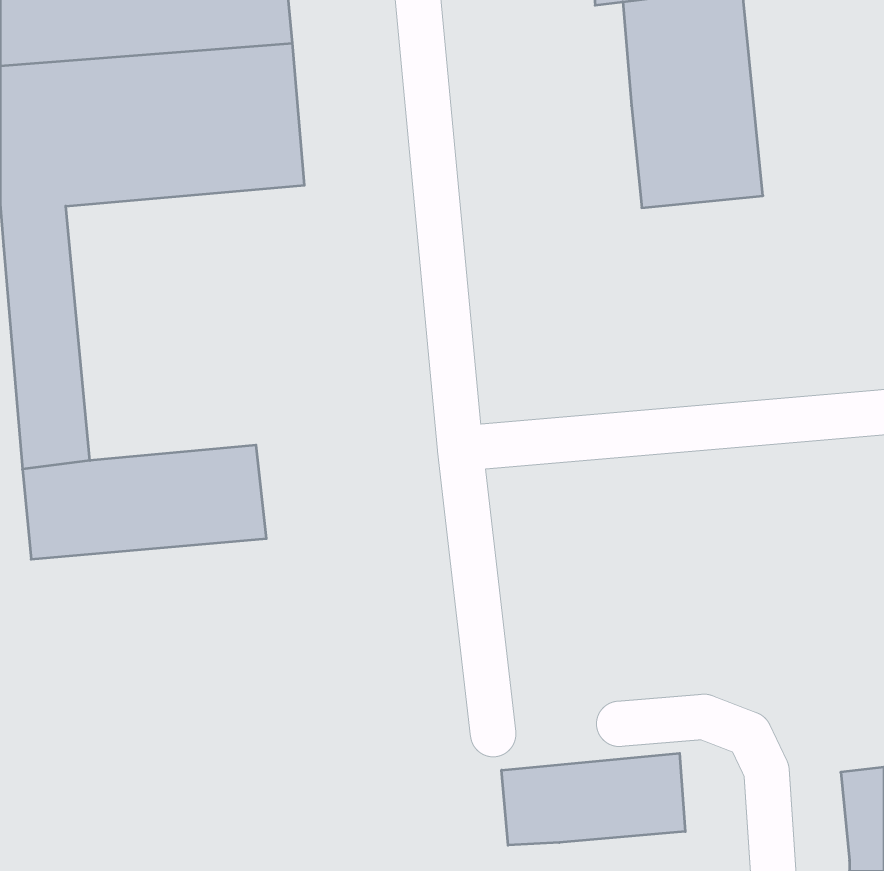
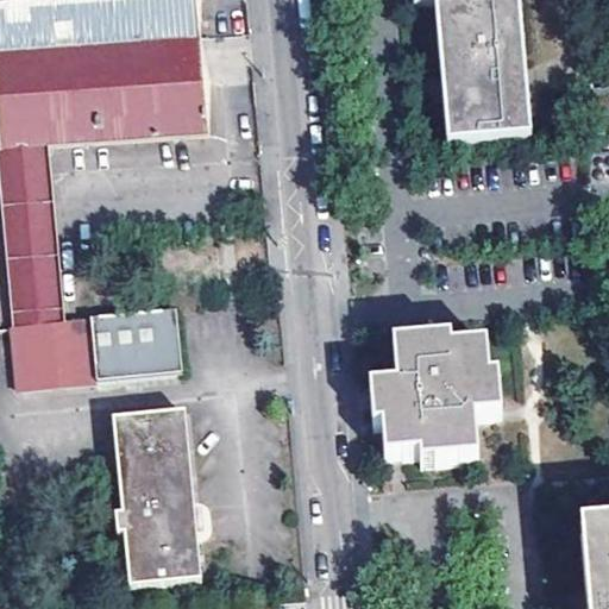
building: none -> [365,339,496,465]
building: none -> [113,410,201,585]
building: [502,753,685,845] -> none

